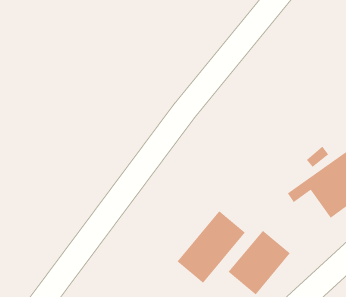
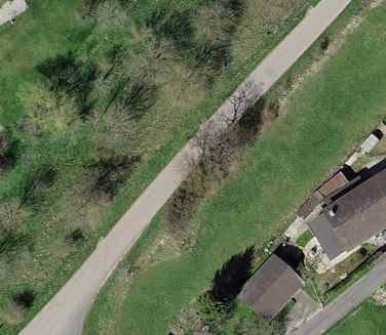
building: [176,210,246,284] -> none

